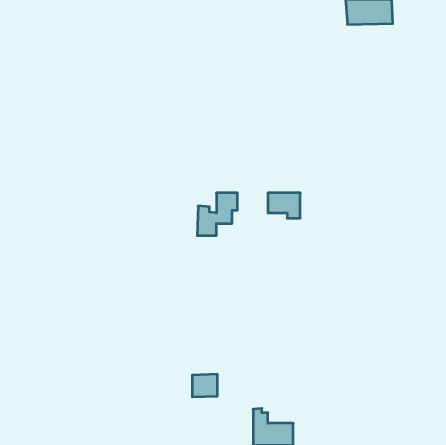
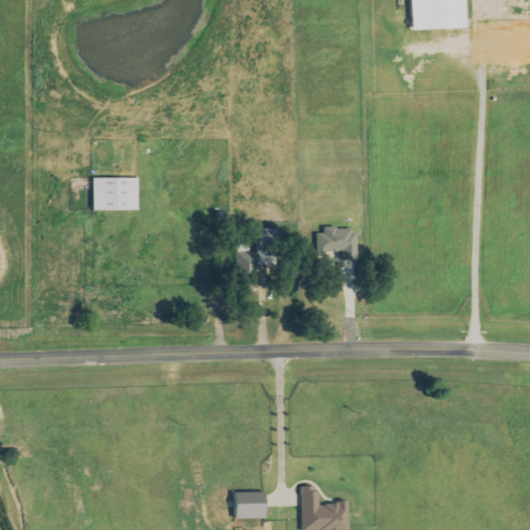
building: none -> [92,178,138,210]
building: [192,374,217,397] -> [235,491,265,518]

